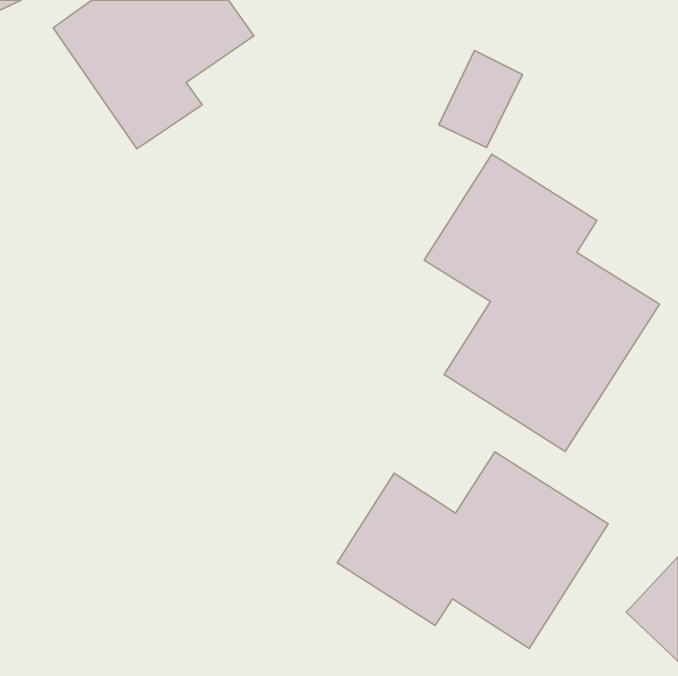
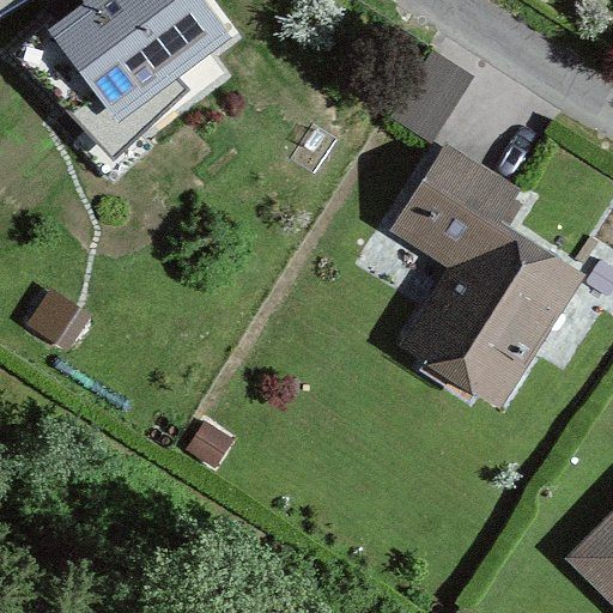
building: [337,452,608,648] -> none

